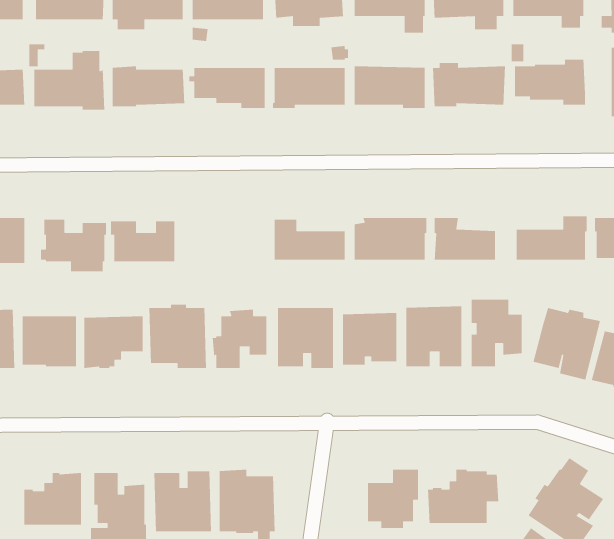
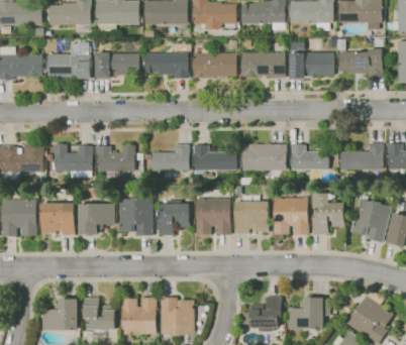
building: none -> [150,144,189,170]

